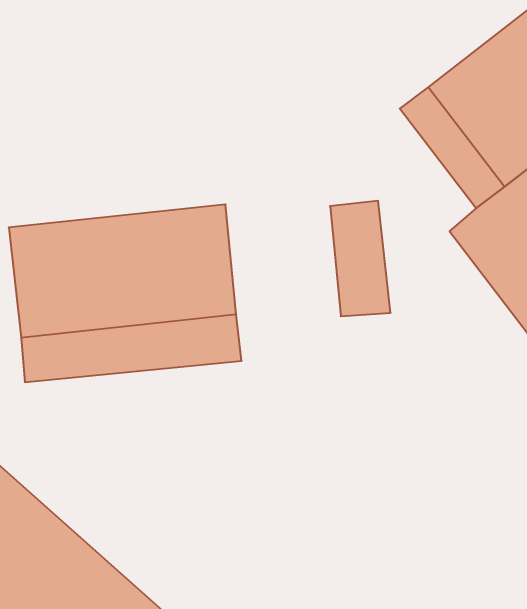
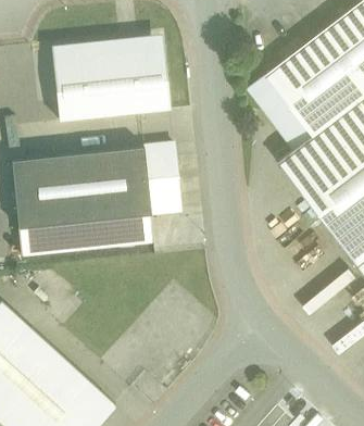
building: none -> [52,38,173,127]
building: [330,201,391,316] -> [143,142,180,213]

